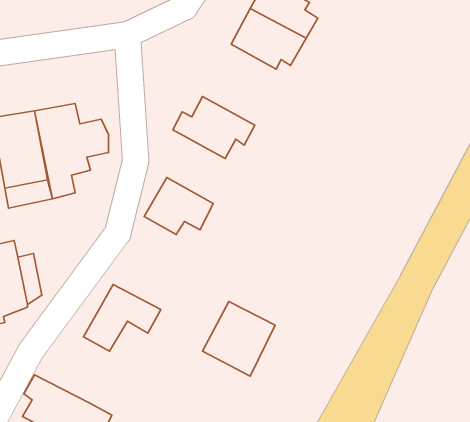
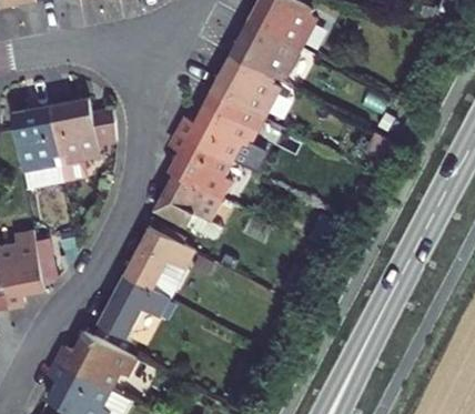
building: none -> [215,48,282,112]
building: none -> [170,128,230,196]
building: [203,301,275,376] -> [125,225,193,295]
building: none -> [52,327,135,383]

